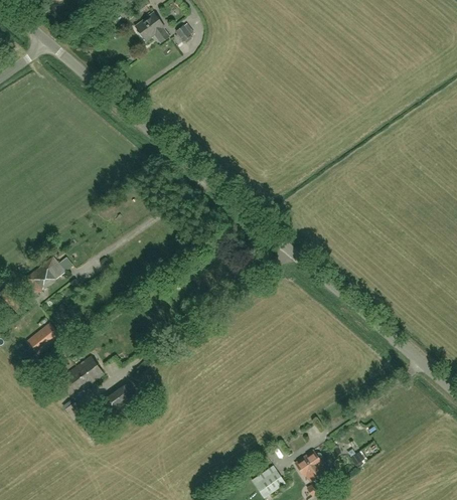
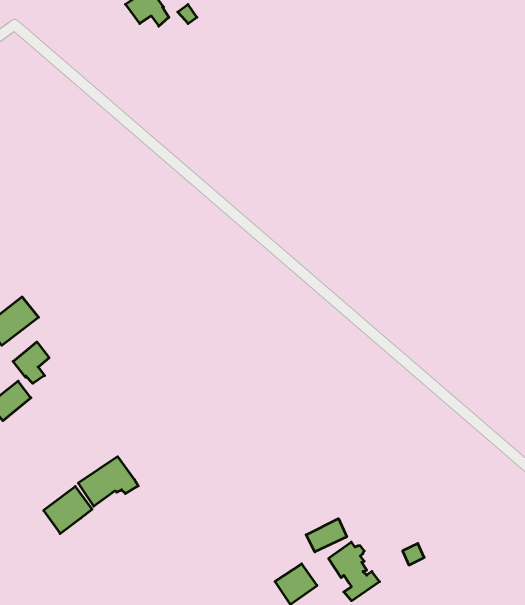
building: none -> [13,342,49,383]
building: [64,355,103,392] -> [44,486,92,534]
building: none -> [306,519,347,552]

